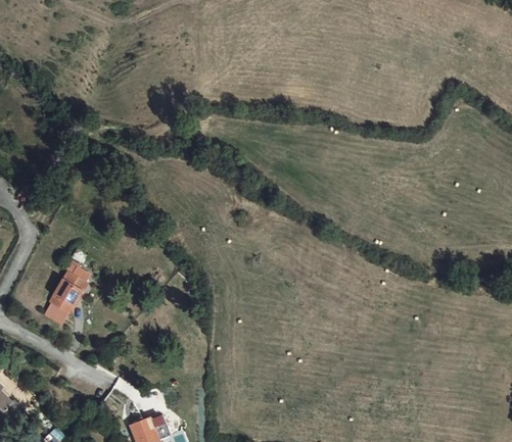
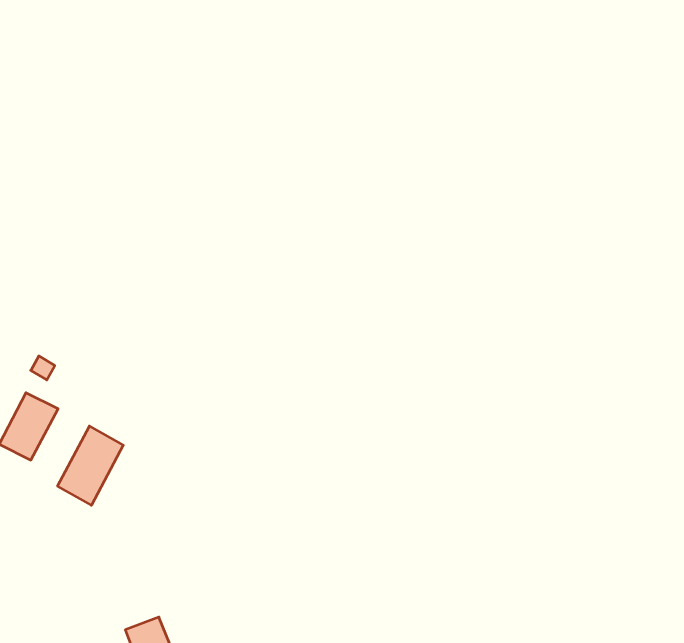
building: none -> [58,426,123,505]

